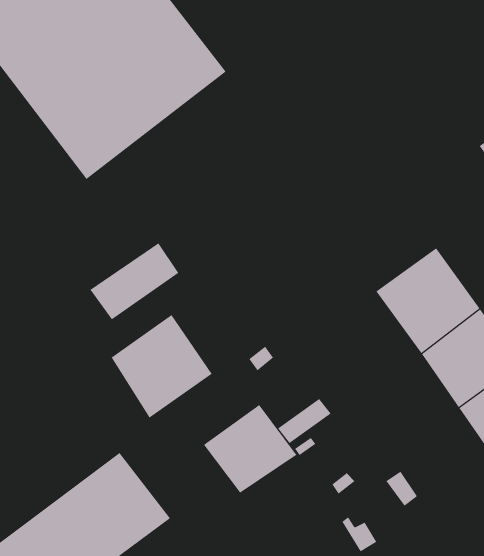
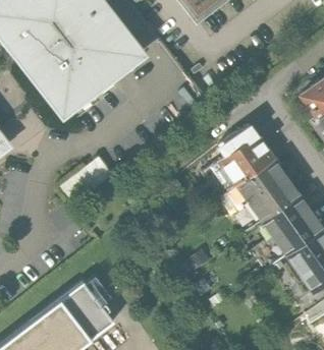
building: none -> [218,126,273,186]
building: [111,314,212,418] -> none
building: [203,404,297,493] -> none

